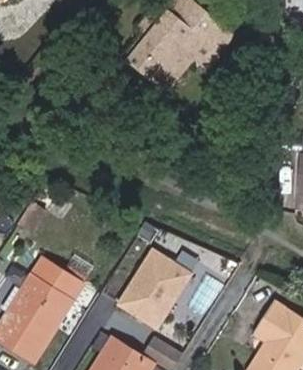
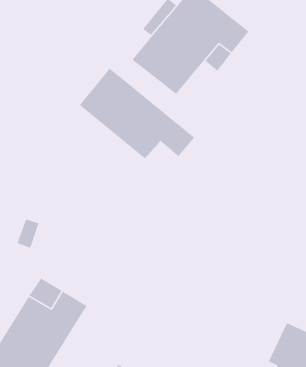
building: none -> [79,67,195,159]
building: [109,245,189,331] -> none

